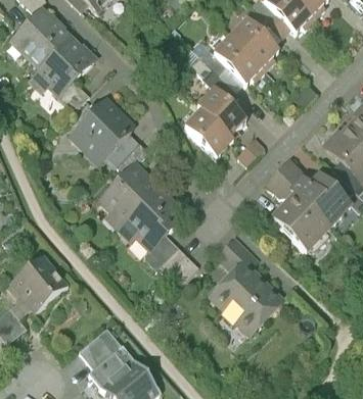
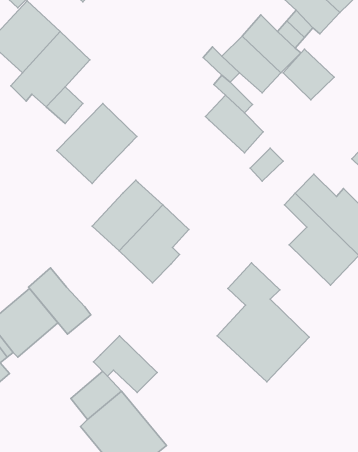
building: none -> [283,49,334,100]
building: [182,109,231,158] -> none
building: [105,131,149,172] -> none
building: [143,234,198,283] -> [93,336,157,393]
building: none -> [29,268,91,334]

